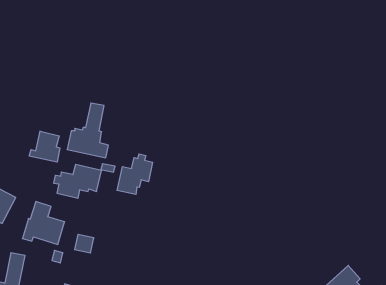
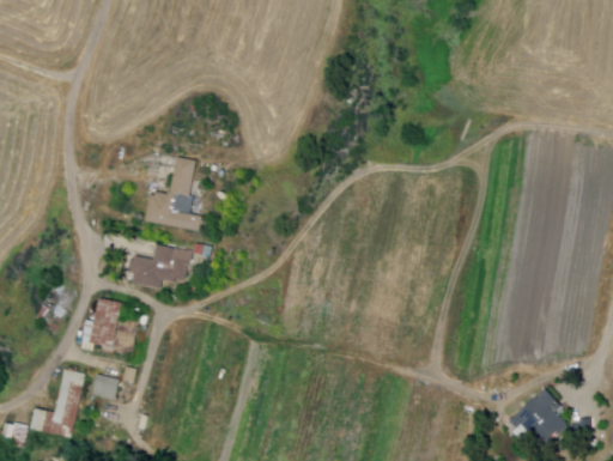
building: [29,131,60,162] -> none
building: [117,154,153,194] -> none
building: [75,234,94,253] -> [93,374,121,400]

